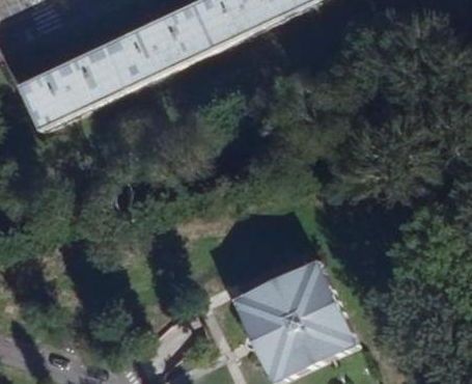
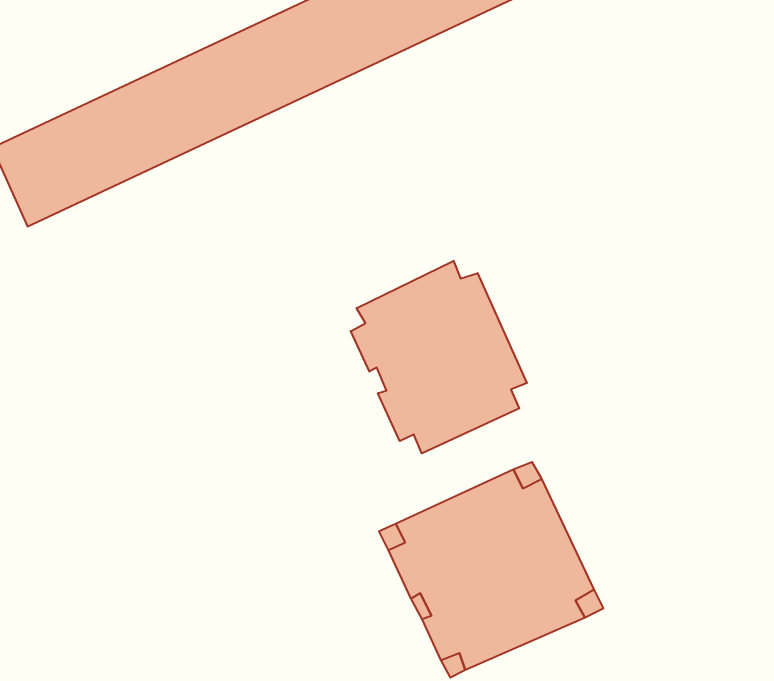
building: none -> [351,261,527,453]

